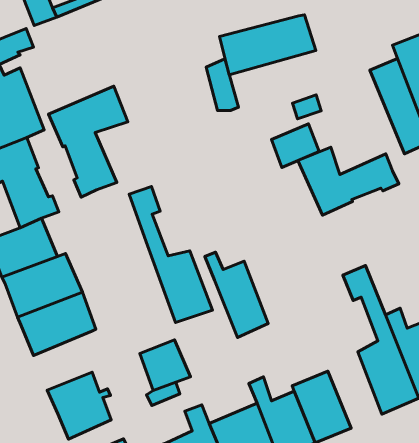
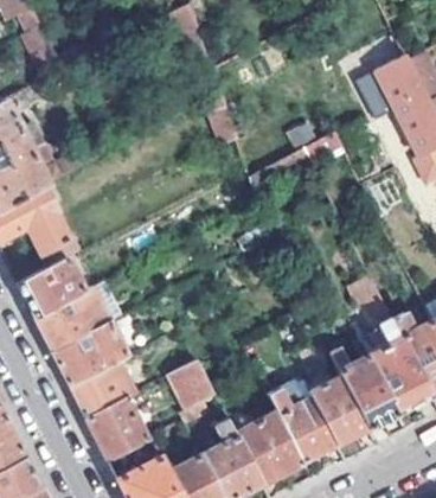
building: [220,15,316,75] -> none
building: [48,86,128,197] -> none
building: [298,147,399,215] -> none
building: [129,187,212,323] -> none
building: [205,252,268,337] -> [333,350,397,427]
building: none -> [70,358,136,416]

